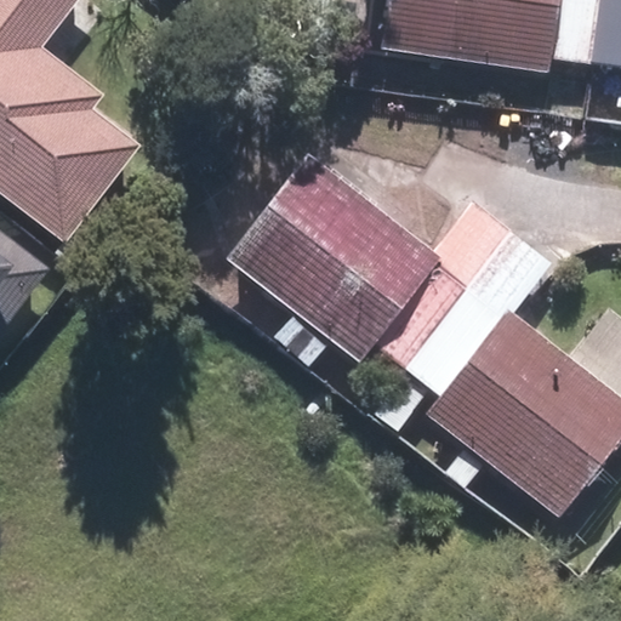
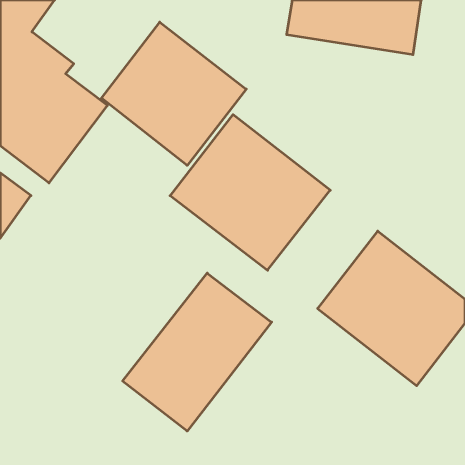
building: none -> [101,22,246,165]
building: none -> [123,273,272,431]

